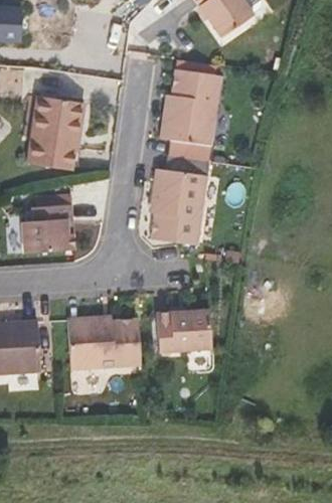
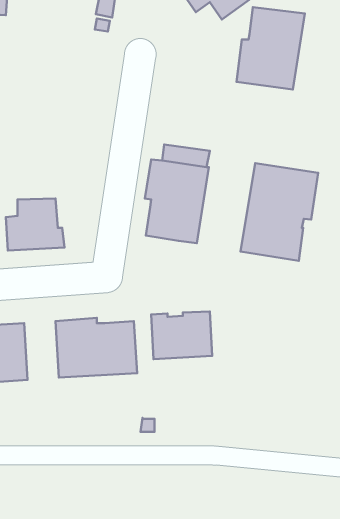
building: [160,68,223,145] -> [236,7,305,90]
building: [27,95,82,169] -> none
building: none -> [240,163,318,261]

